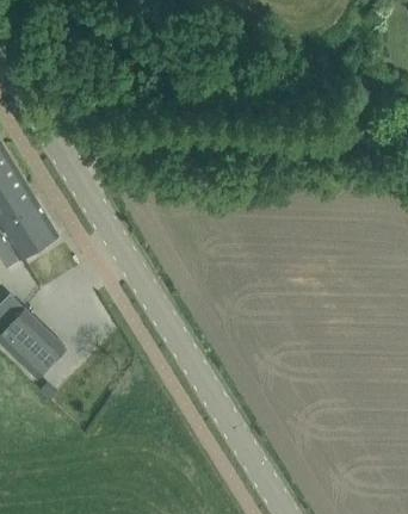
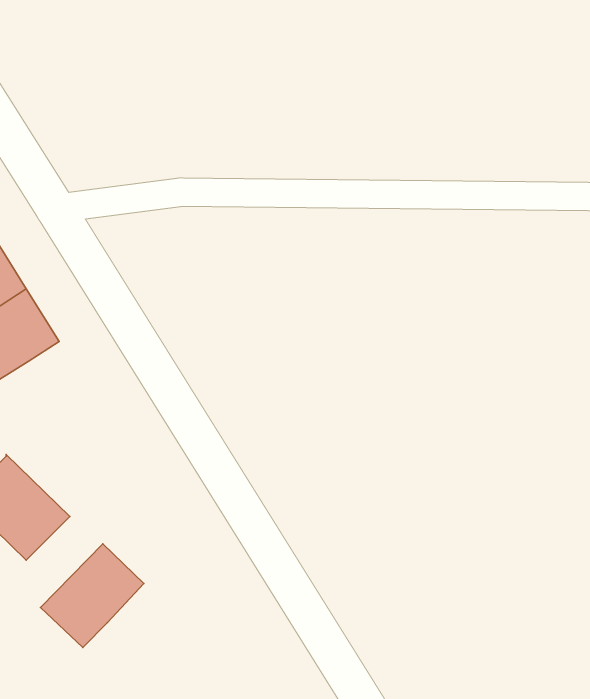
building: none -> [40,544,144,648]

